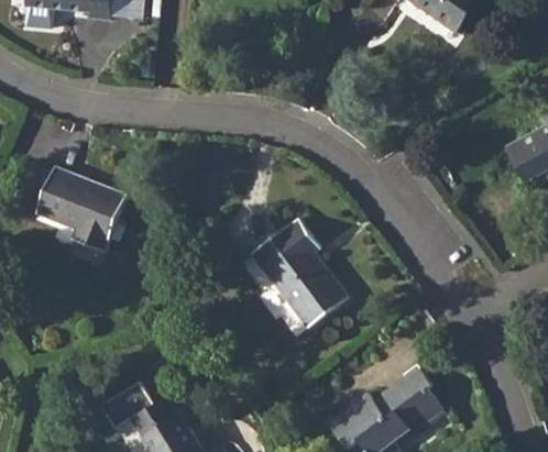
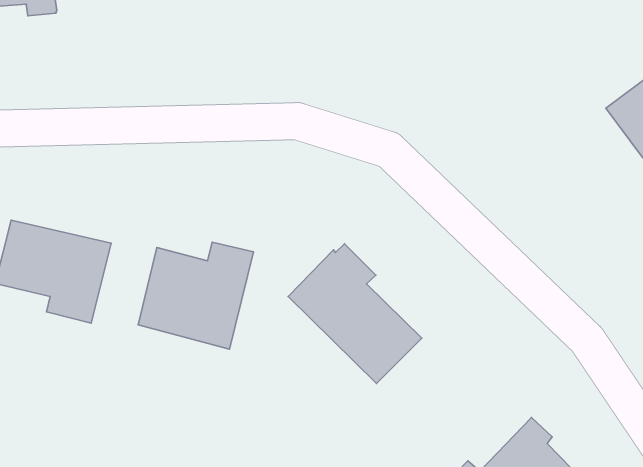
building: none -> [138,242,254,349]

